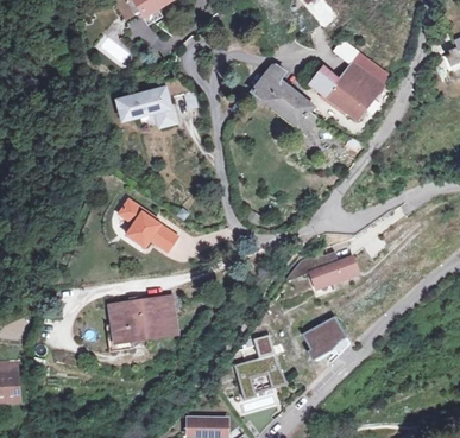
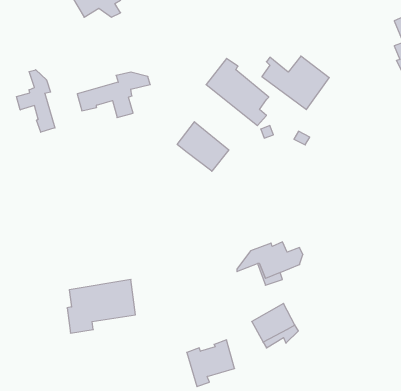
building: none -> [16,70,55,132]
building: none -> [177,122,229,171]
building: [120,201,177,250] -> none

